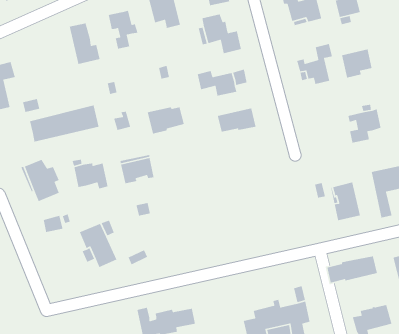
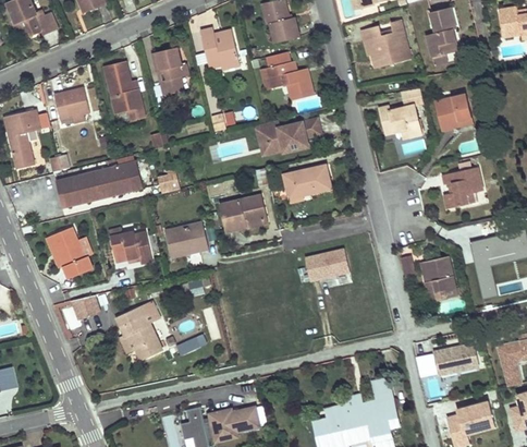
building: none -> [53,87,89,125]
building: [147,107,185,135] -> [220,197,266,231]
building: none -> [303,249,350,281]

